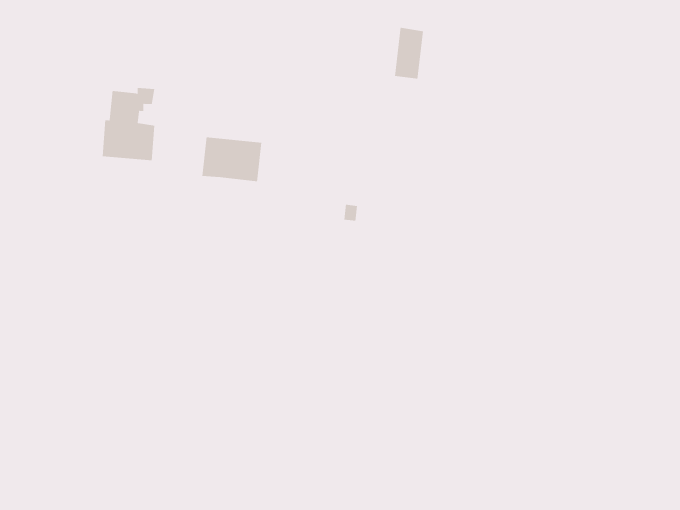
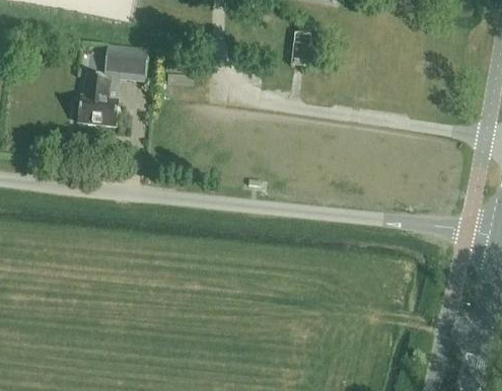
building: [202,137,262,182] -> [103,44,147,76]

